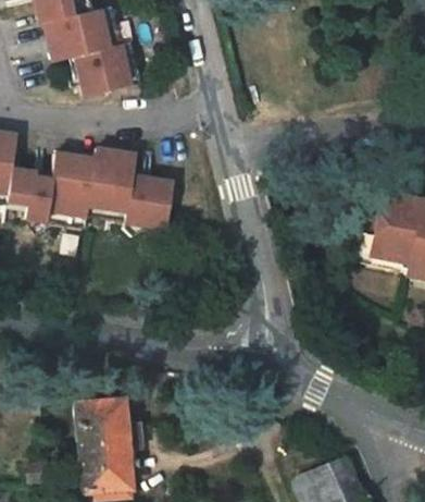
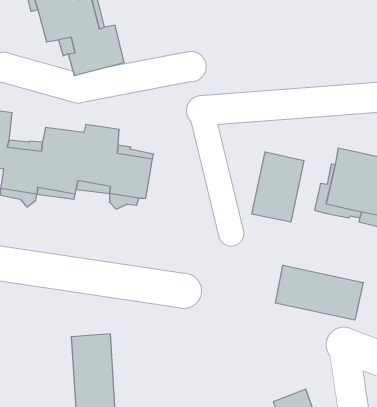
building: none -> [252,152,304,222]
building: none -> [275,265,363,320]

